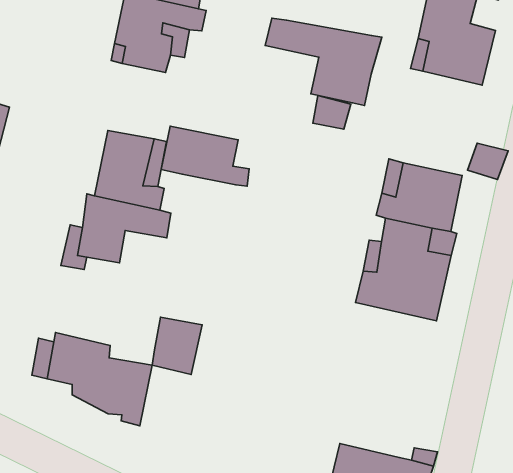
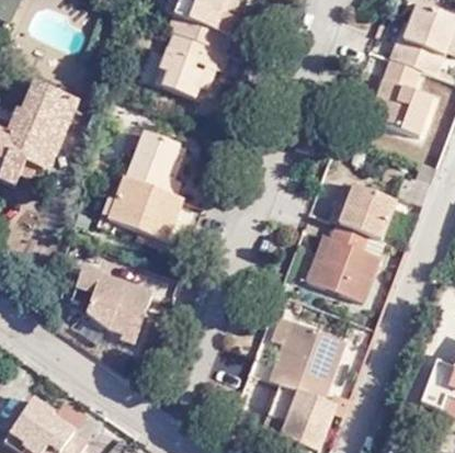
building: [265,18,382,106] -> none
building: [161,126,249,186] -> none
building: [152,317,202,375] -> [135,201,175,246]
building: none -> [269,313,343,395]

